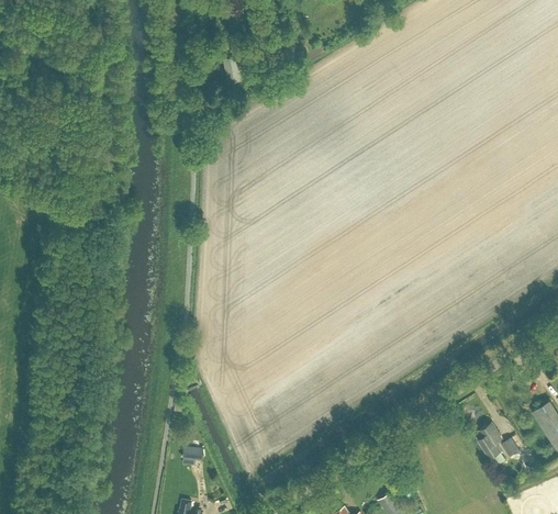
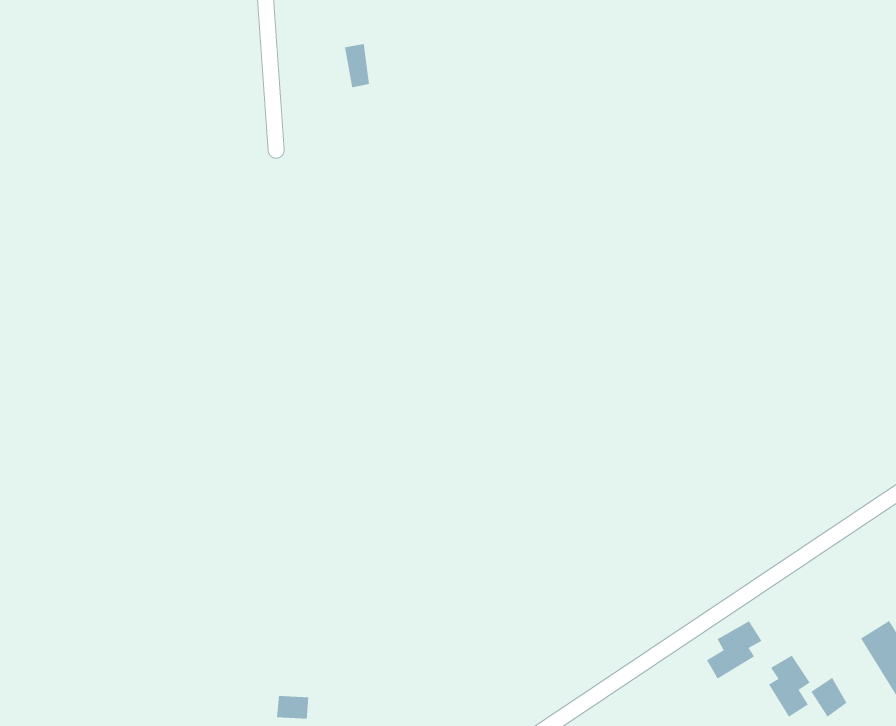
building: none -> [706,621,762,680]

